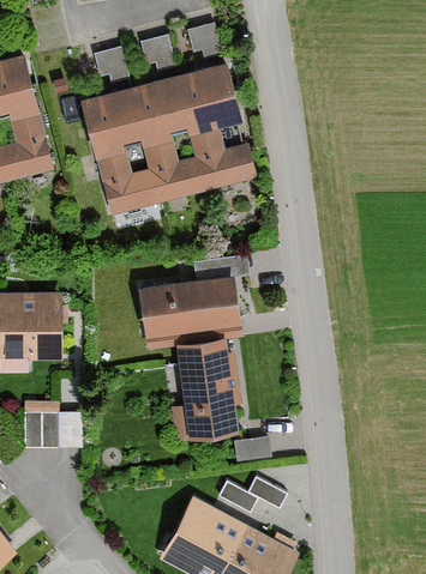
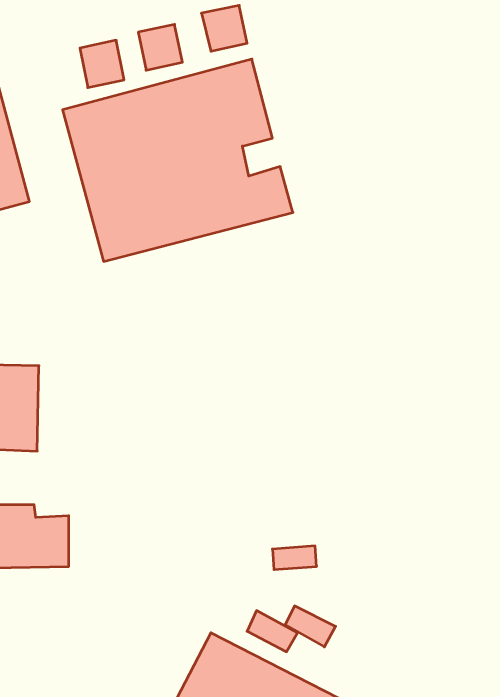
building: [138,256,250,436] -> none

